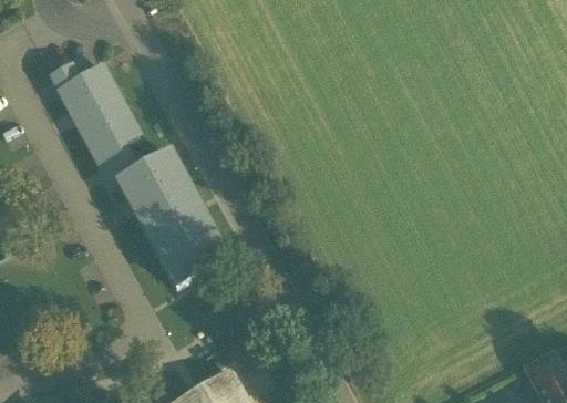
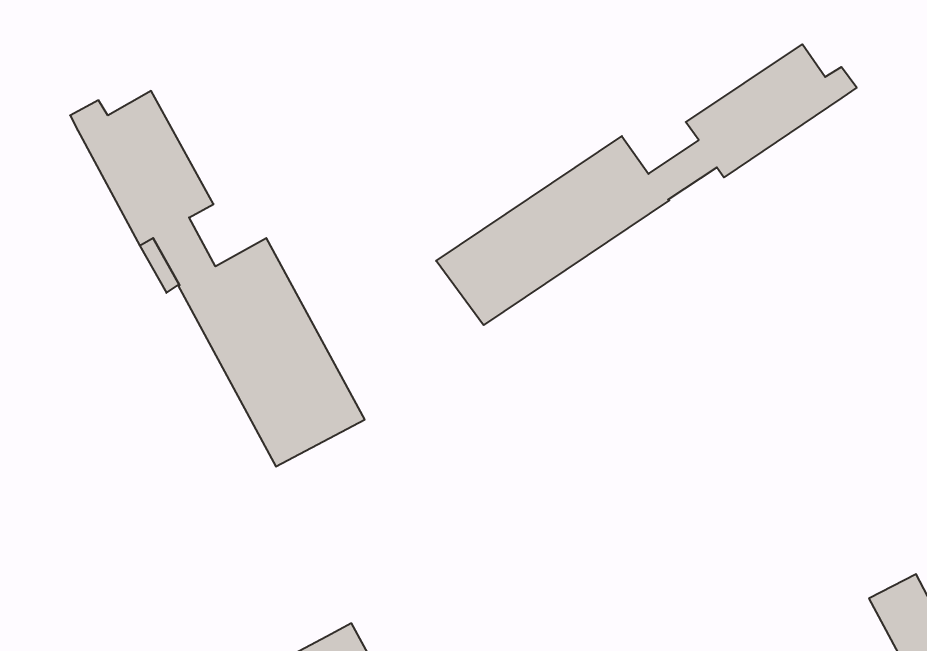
building: none -> [436,44,857,325]

